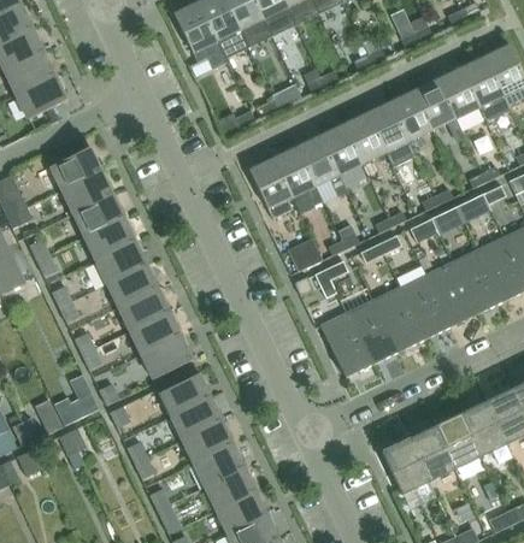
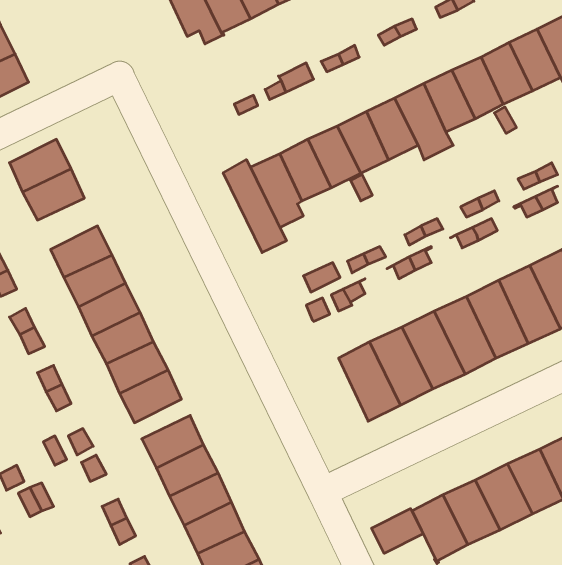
building: none -> [223,160,286,253]
building: [73,195,123,237] -> none
building: none -> [372,509,423,553]

